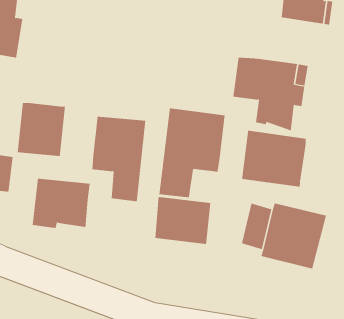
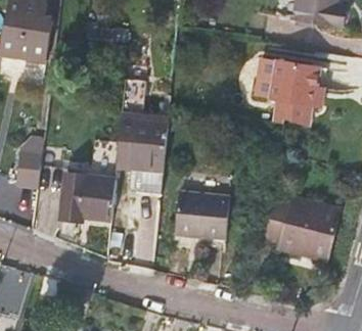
building: [17,102,65,157] -> none
building: [159,107,225,198] -> none
building: [242,130,306,188] -> none

